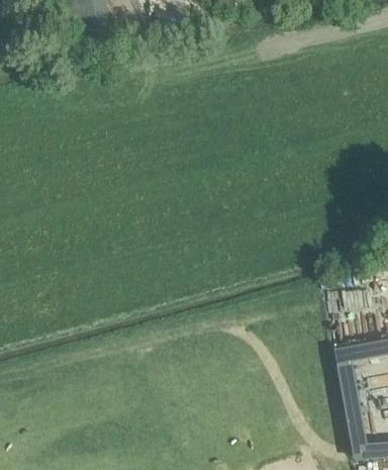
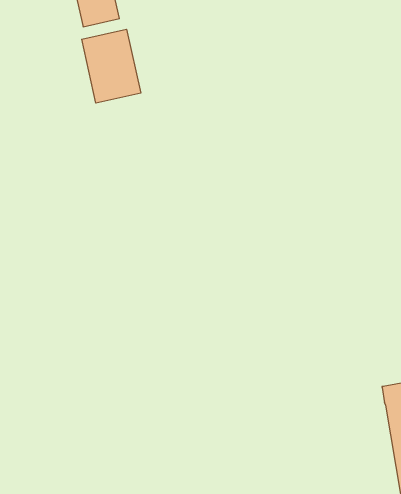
building: none -> [82,29,141,103]

